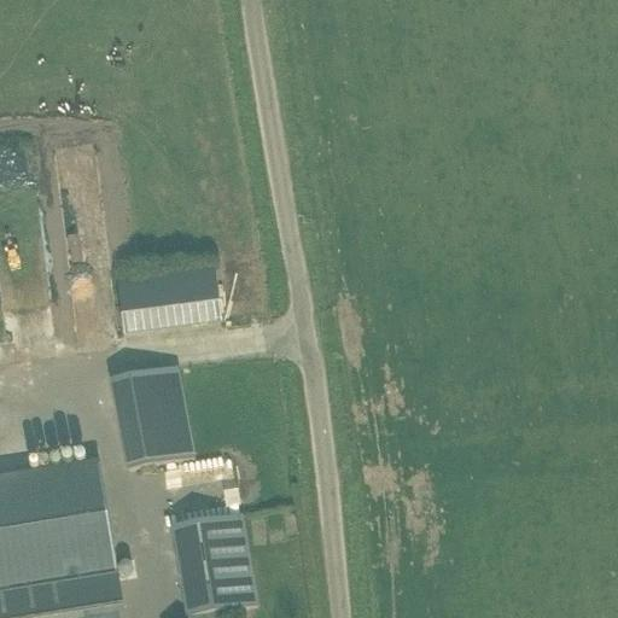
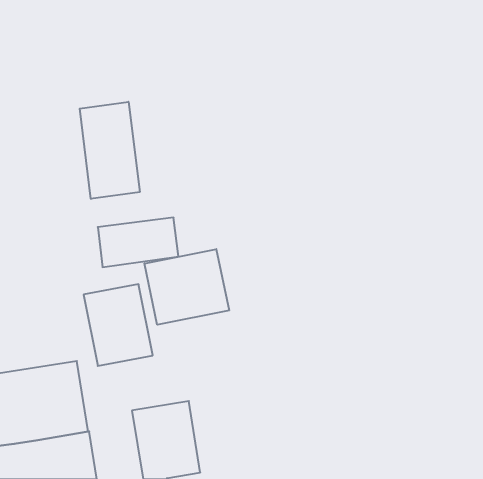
building: none -> [80,102,140,199]
building: none -> [144,249,229,325]

